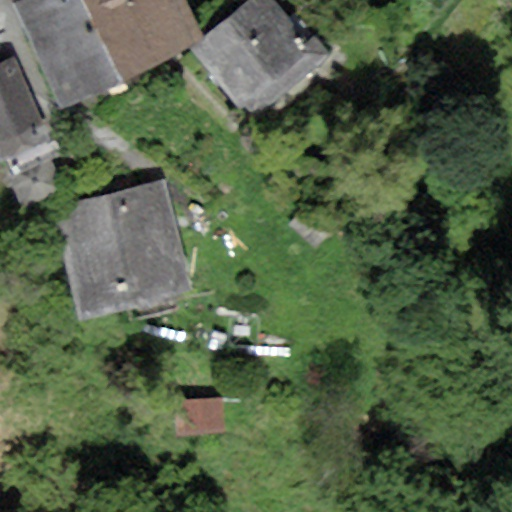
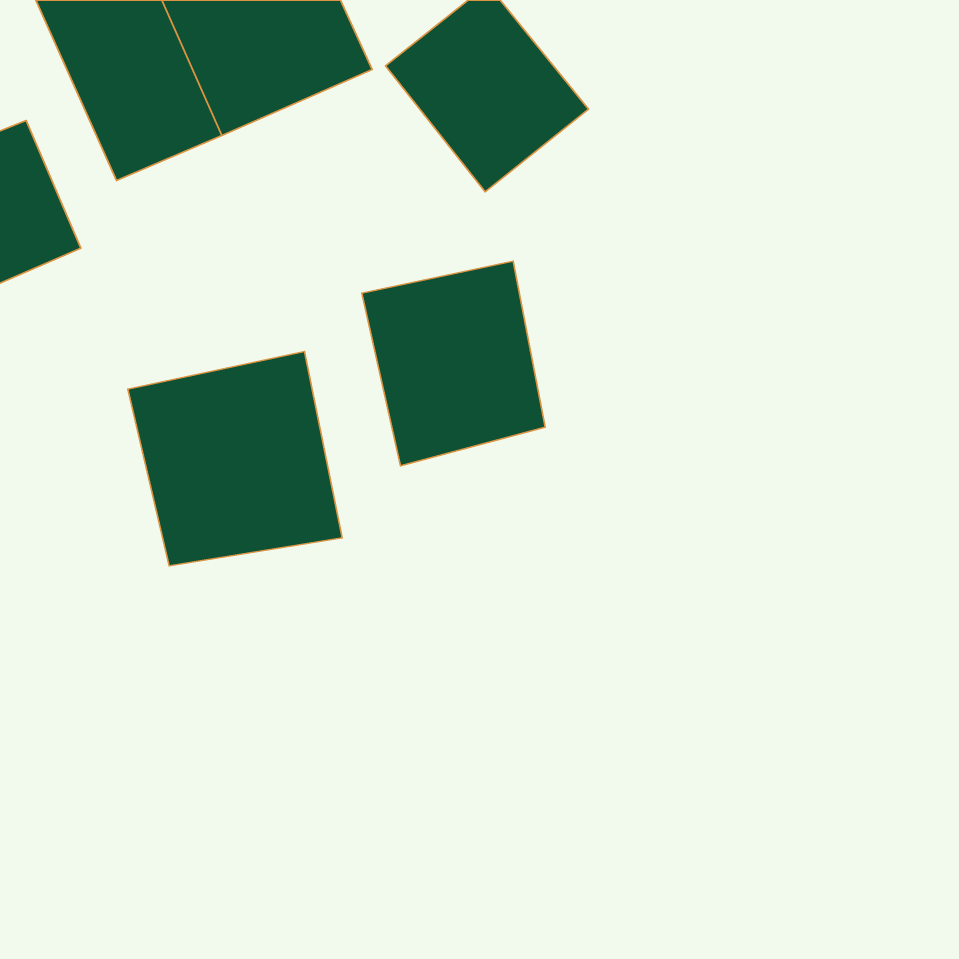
building: none -> [362,261,545,466]

